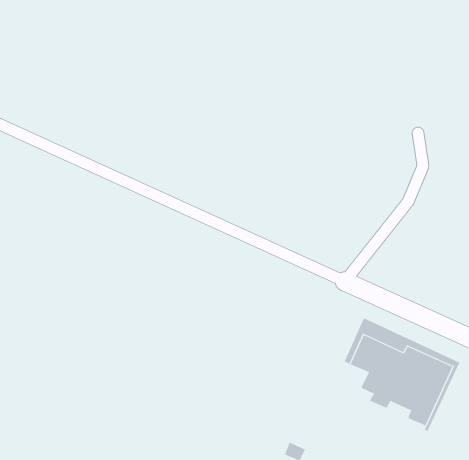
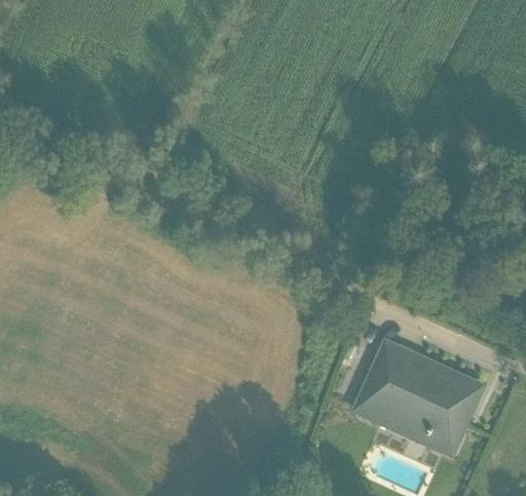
building: none -> [350,384,450,456]

